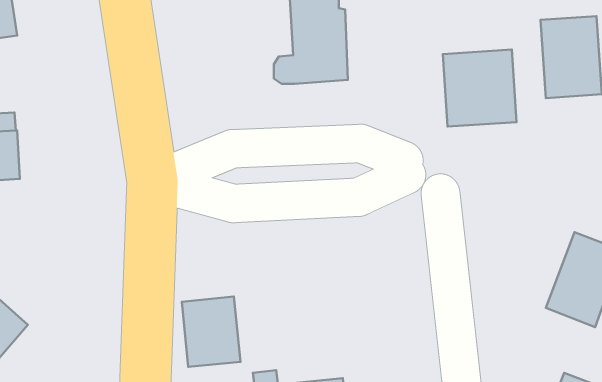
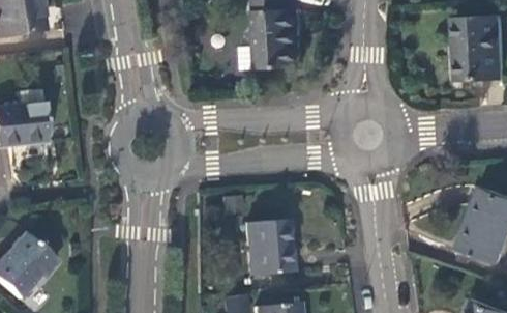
building: [443,50,517,127] -> none
building: [182,297,240,367] -> [250,220,297,276]

